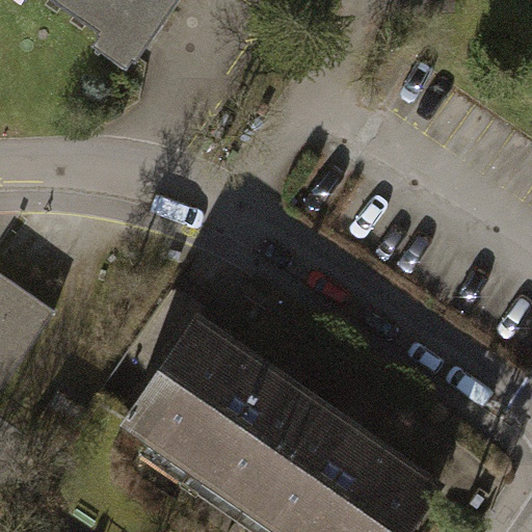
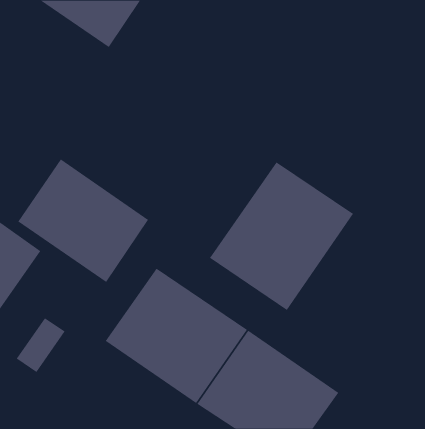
building: none -> [17,158,149,283]
building: none -> [209,162,354,311]

